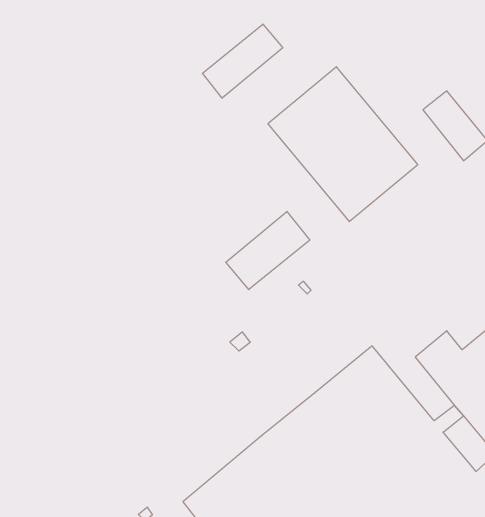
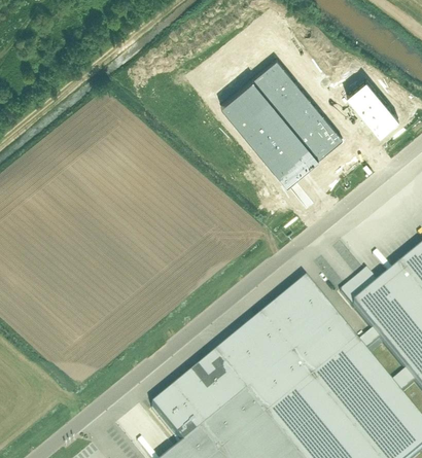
building: [203,24,283,98] -> none
building: [226,211,310,290] -> none

